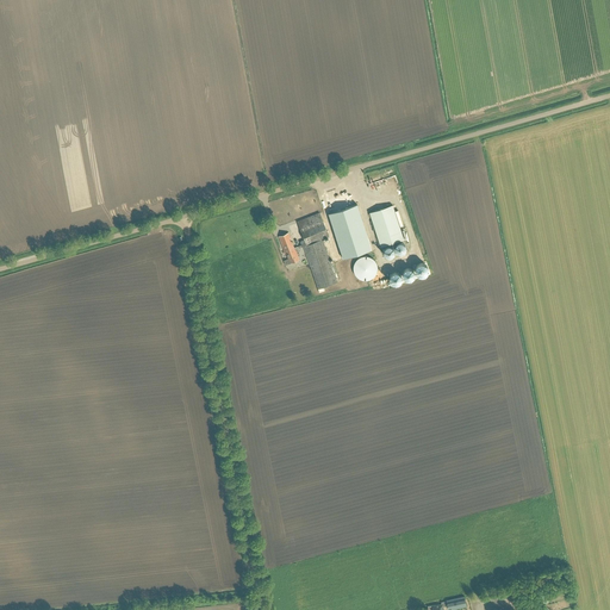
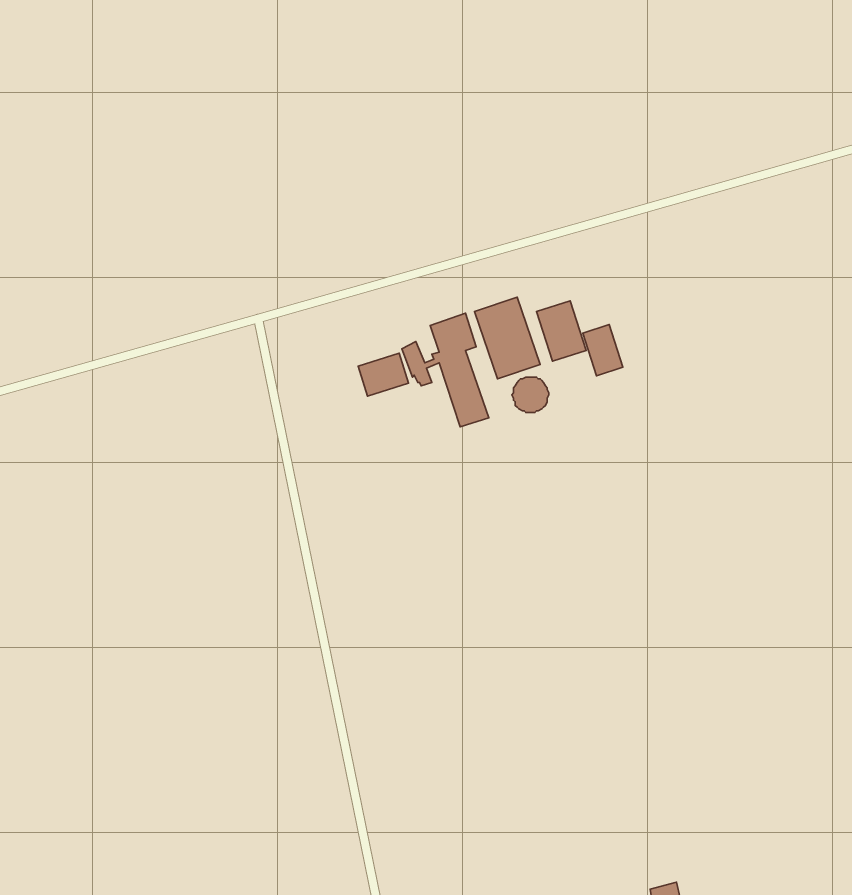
building: none -> [583,324,623,376]
building: none -> [358,353,409,396]

